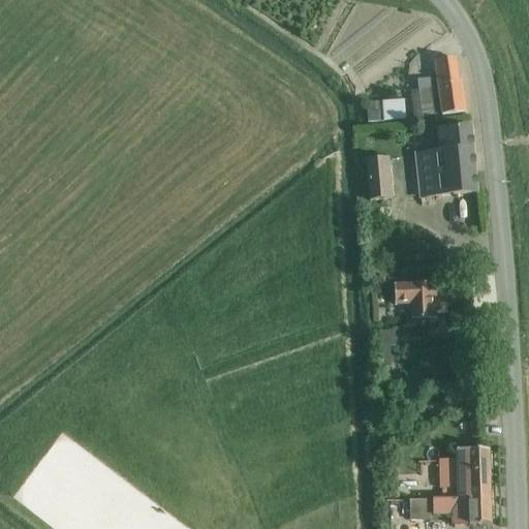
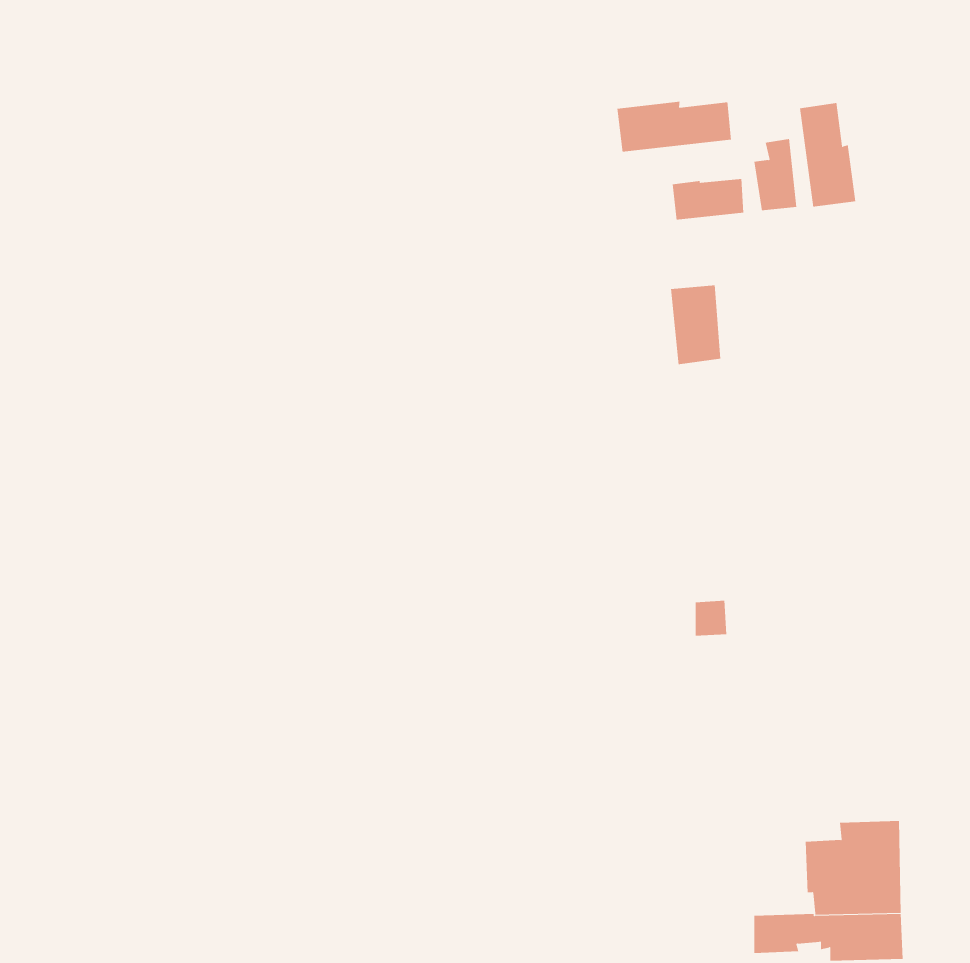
building: none -> [617,101,732,152]
building: [414,125,477,195] -> none
building: [394,279,447,316] -> none

